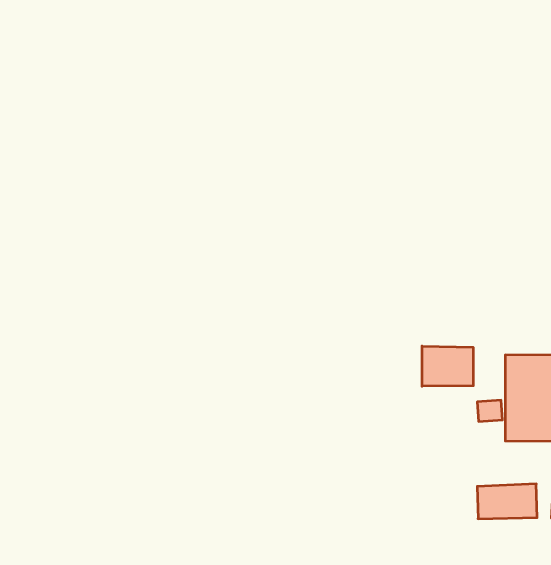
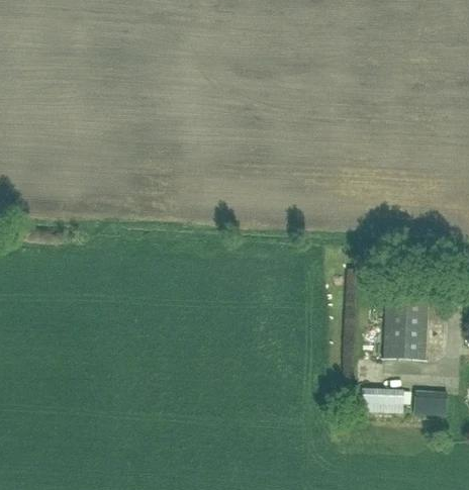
building: [422,346,473,386] -> none

